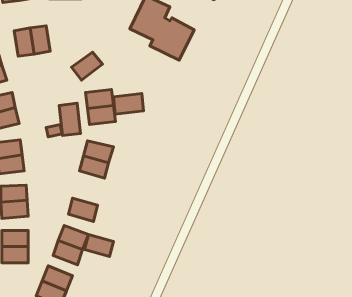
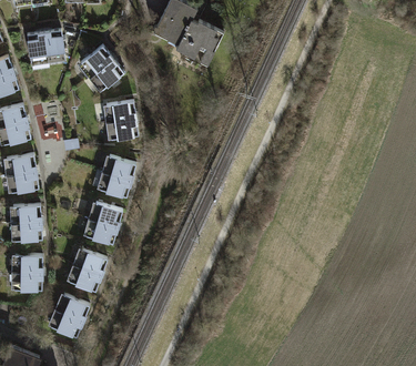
building: none -> [79,43,112,74]
building: [113,93,144,114] -> none
building: [59,103,81,135] -> none
building: [84,234,114,257] -> [90,202,122,226]

